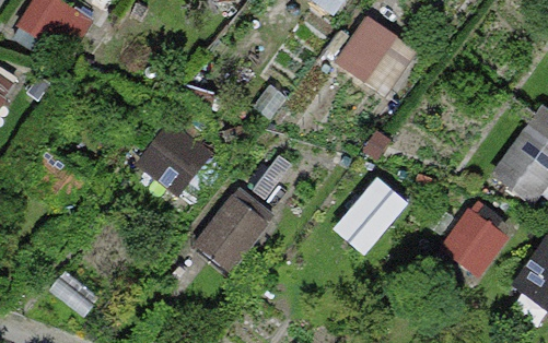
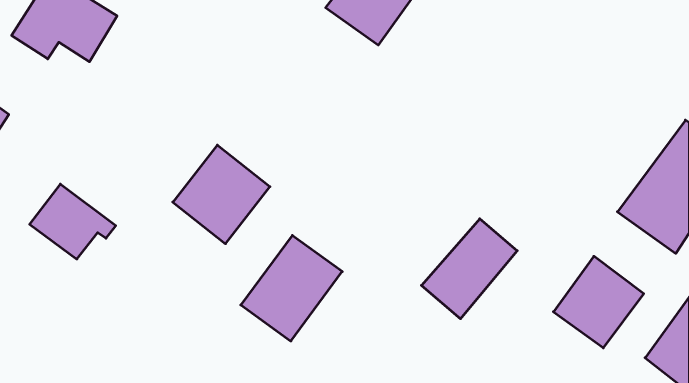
building: [335,12,420,96] -> none

